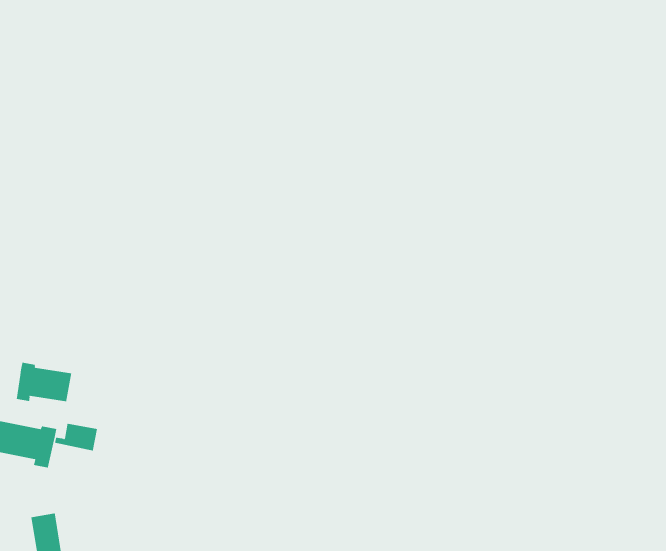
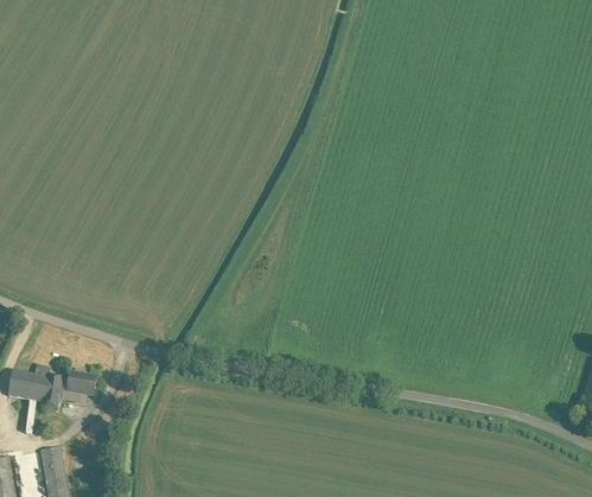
building: [16,362,72,402] -> none

